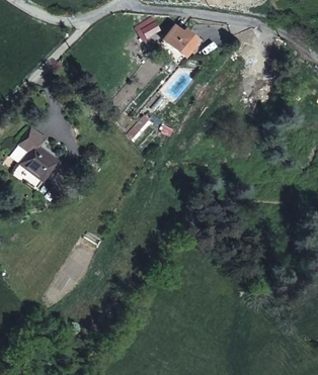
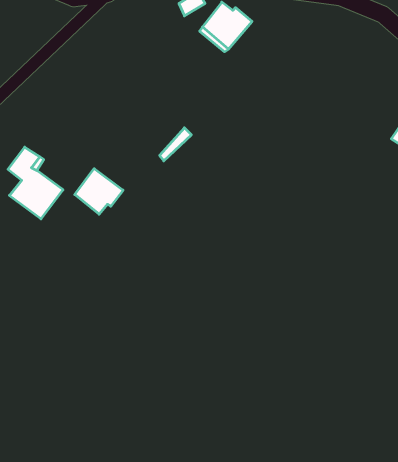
building: none -> [75,169,123,214]

